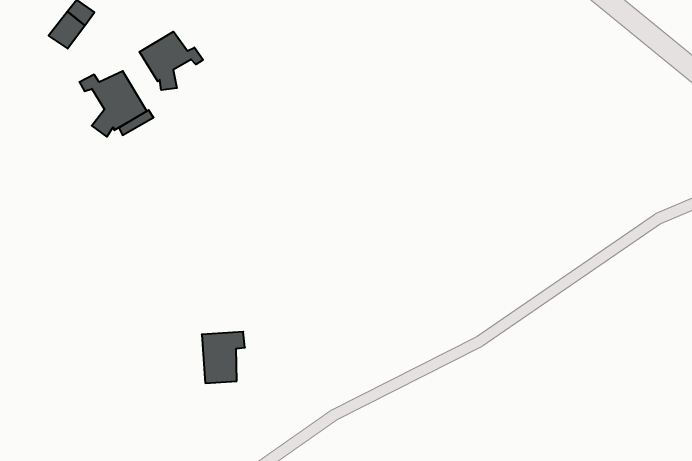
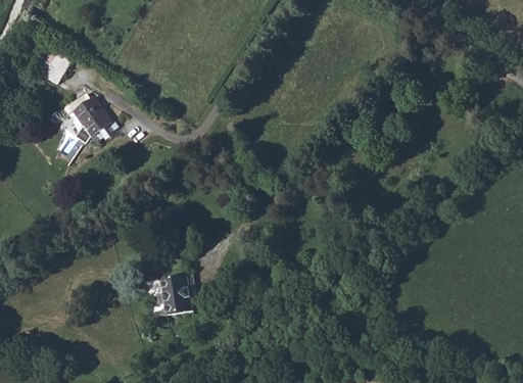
building: [139,32,203,90] -> none

